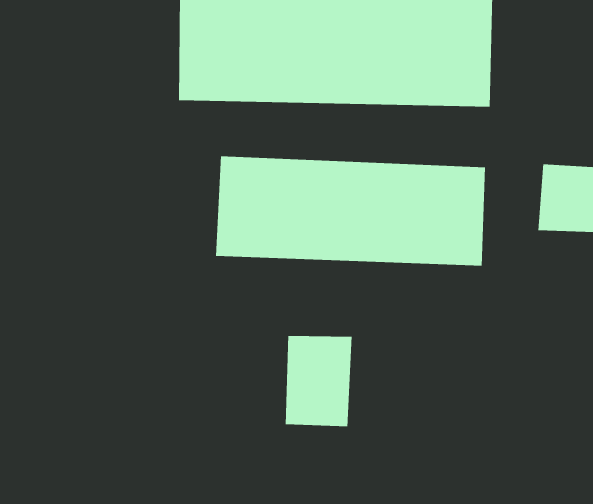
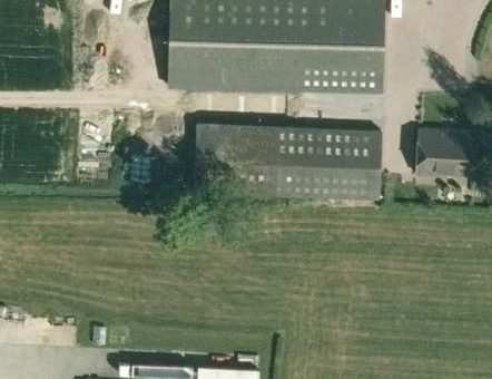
building: [285,335,352,427] -> none

